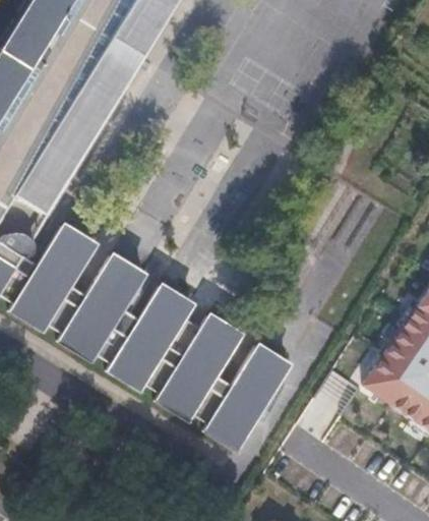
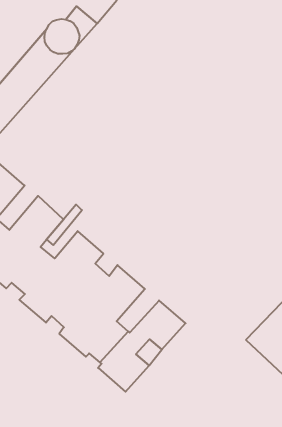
building: [94,57,131,96] -> none

